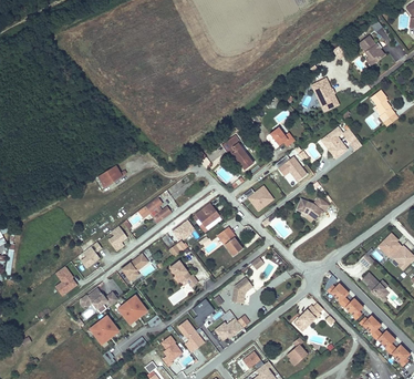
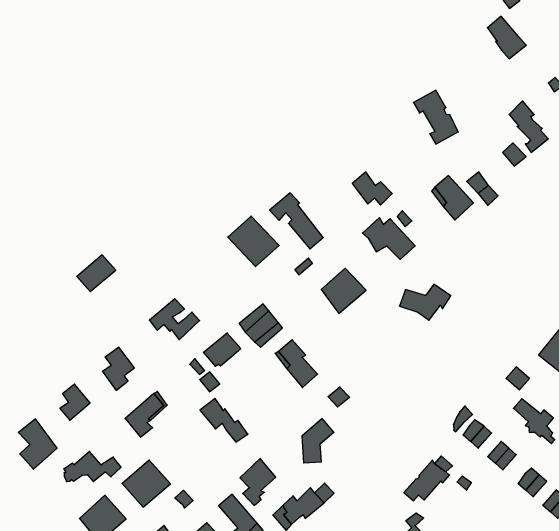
building: none -> [228,216,279,267]

